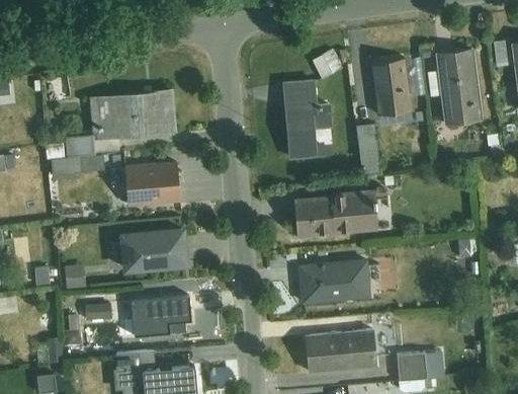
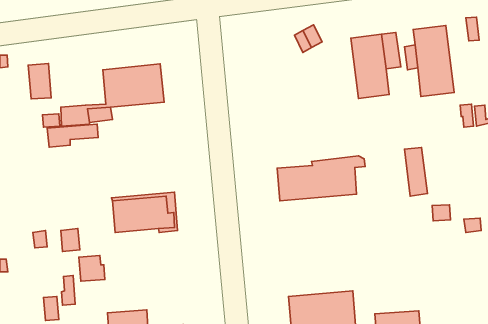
building: [283,81,333,158] -> none
building: [88,96,112,134] -> [28,63,51,99]
building: [356,124,380,175] -> [404,147,427,196]
building: [124,163,180,204] -> none
building: [299,260,370,303] -> none
building: [123,297,190,336] -> none

